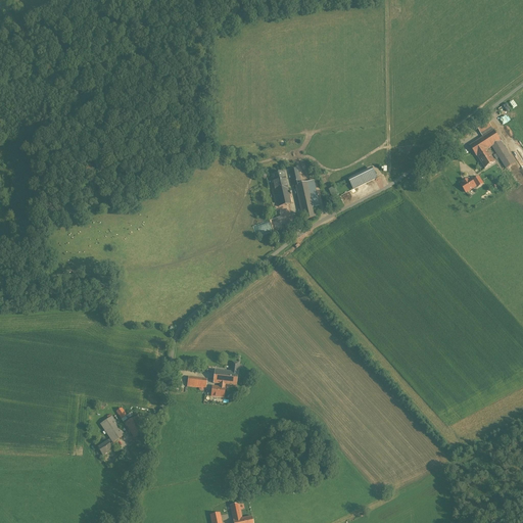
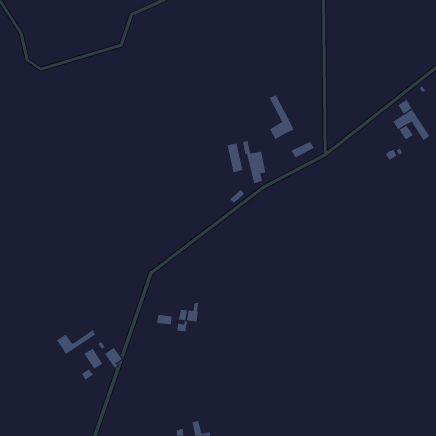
building: none -> [269,95,294,140]
building: none -> [56,329,96,355]

